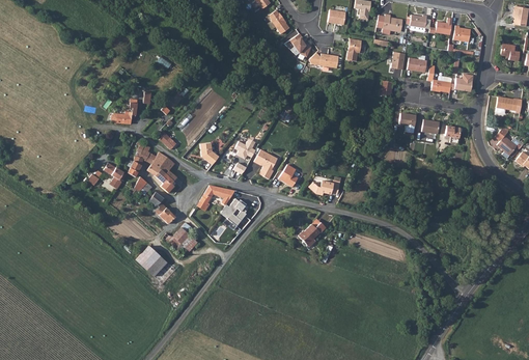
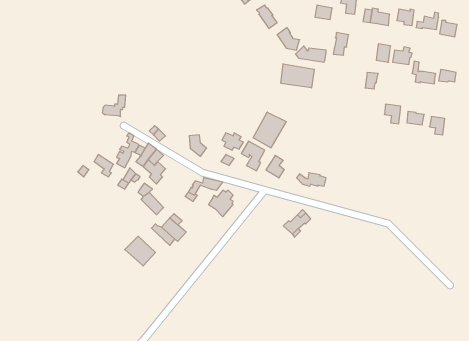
building: none -> [281,64,314,88]
building: none -> [253,112,286,148]

